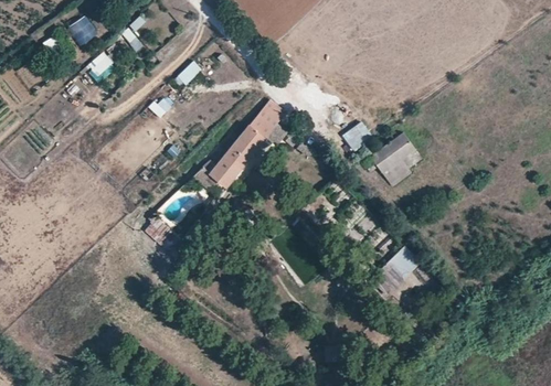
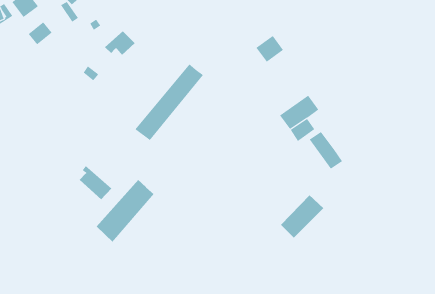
building: [342,121,374,152] -> [256,35,284,63]
building: none -> [309,131,343,170]
building: none -> [96,179,155,242]

